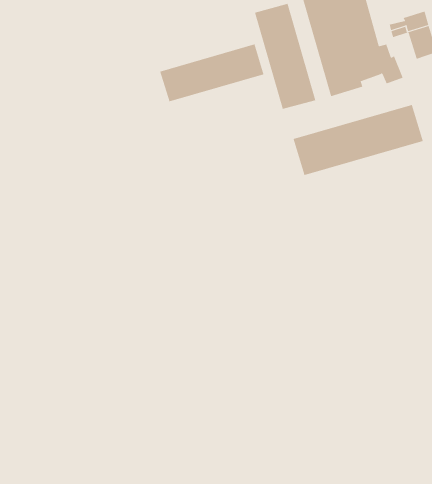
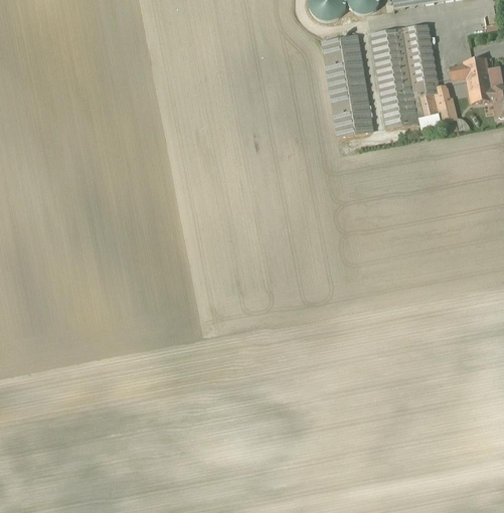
building: [160,44,264,102] -> none
building: [293,104,424,176] -> none

